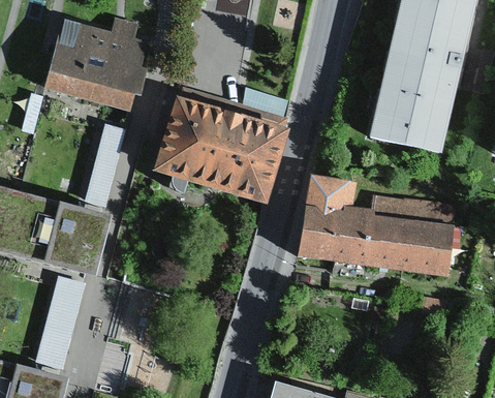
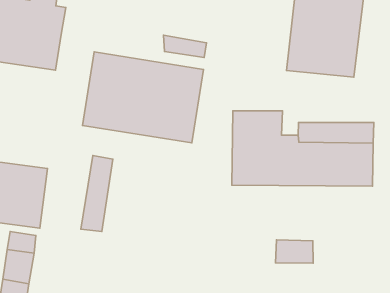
building: [85,124,127,206] -> [81,156,113,232]
building: none -> [275,240,313,263]

